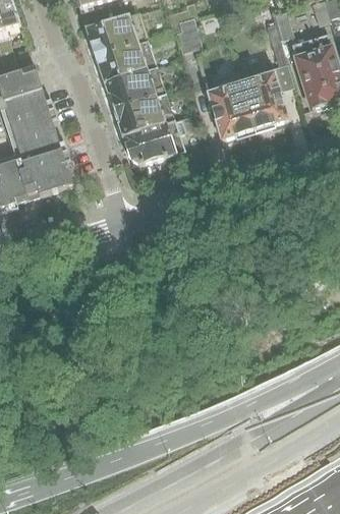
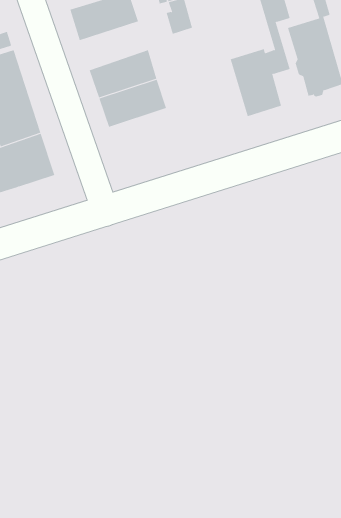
building: [94,37,159,82] -> none
building: [202,72,251,137] -> none
building: [121,118,185,163] -> none

